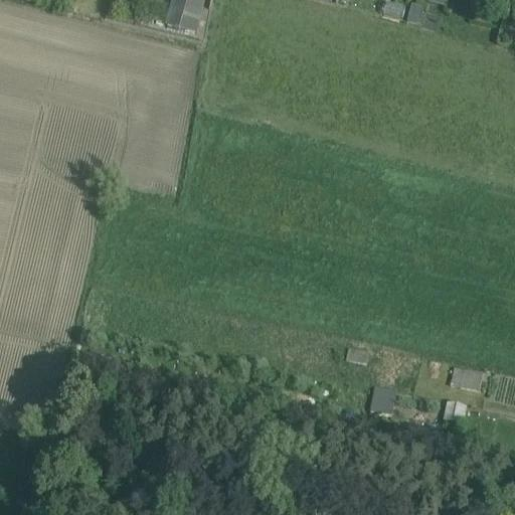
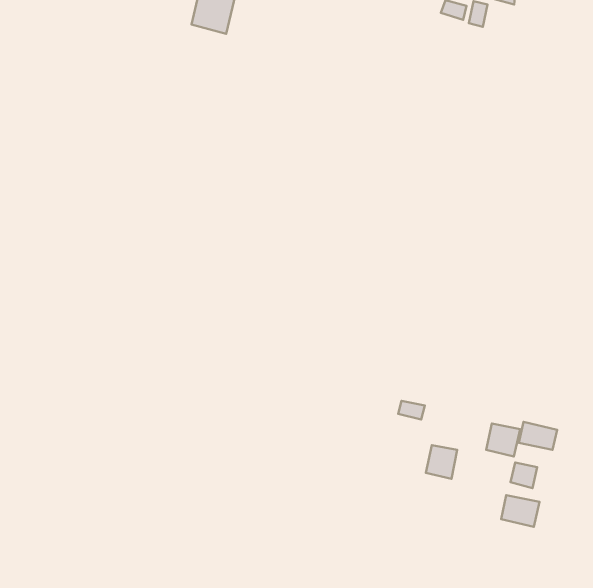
building: none -> [486,423,520,457]
building: none -> [501,495,539,527]

